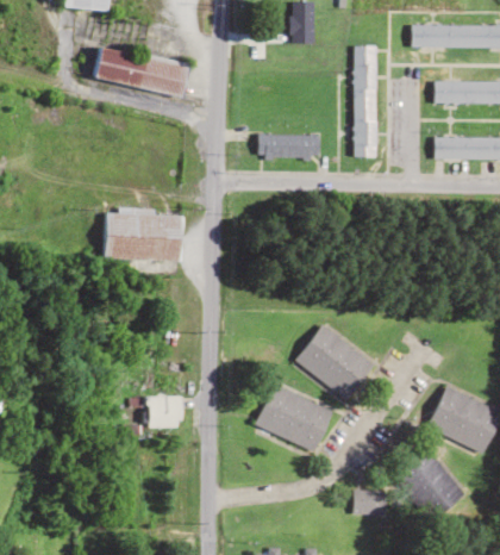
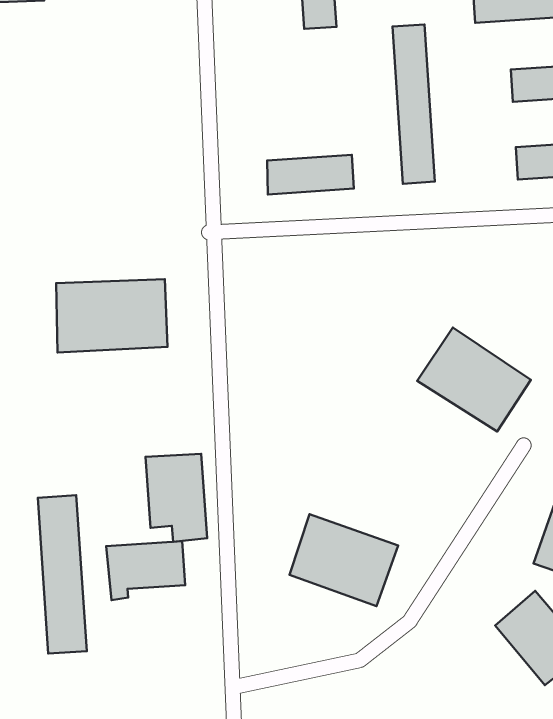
building: [93,45,190,96] -> none
building: [295,325,375,400] -> [417,327,531,431]
building: none -> [146,454,207,542]
building: none -> [38,495,87,654]
building: [354,491,387,515] -> none

